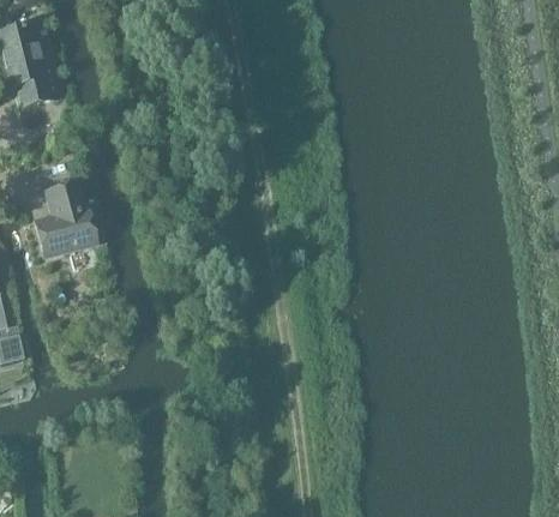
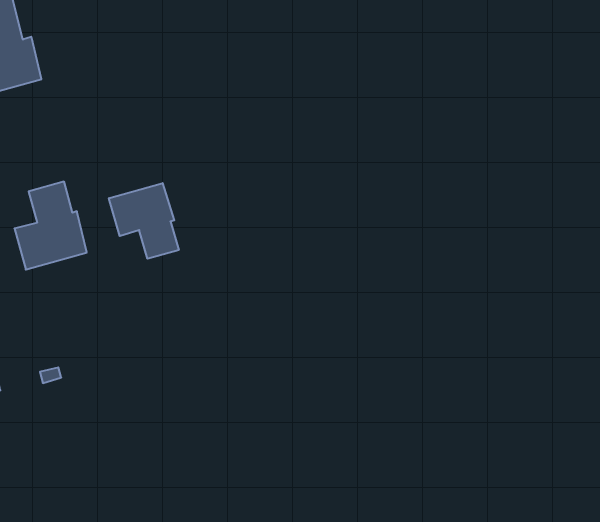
building: none -> [109,183,179,259]

